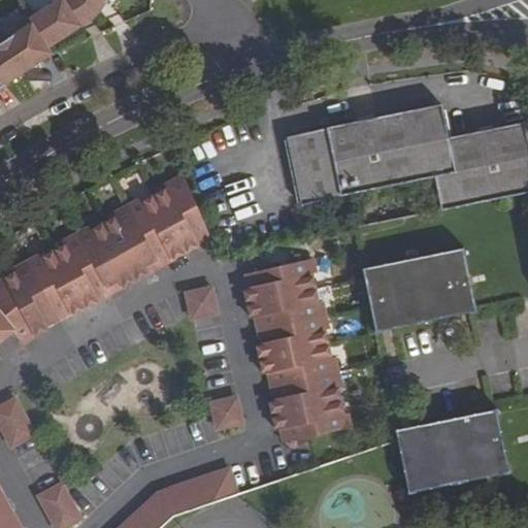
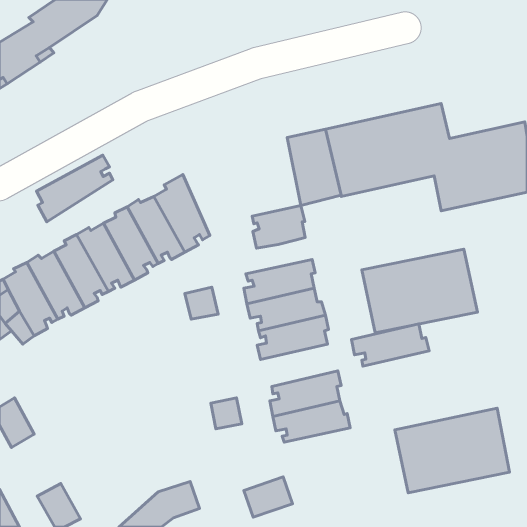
building: none -> [37,155,113,222]
building: none -> [252,206,305,248]
building: [260,343,337,386] -> [352,324,429,366]
building: [190,467,238,507] -> [244,477,292,517]

